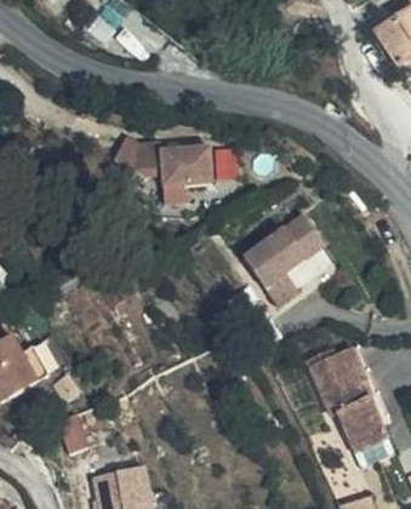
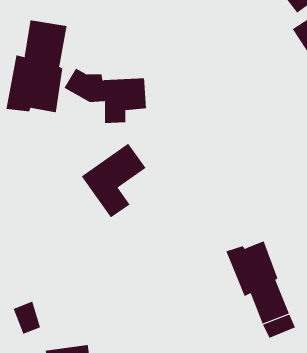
building: none -> [6,20,67,113]
building: [242,213,322,305] -> [81,143,146,218]

